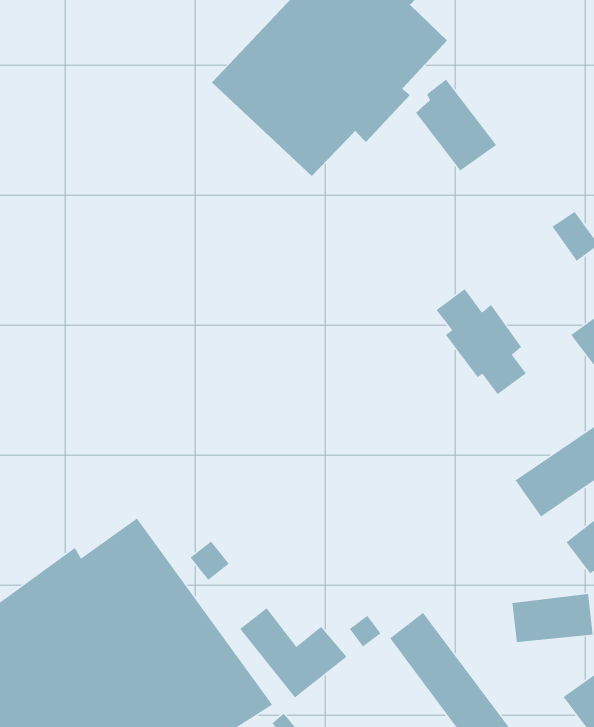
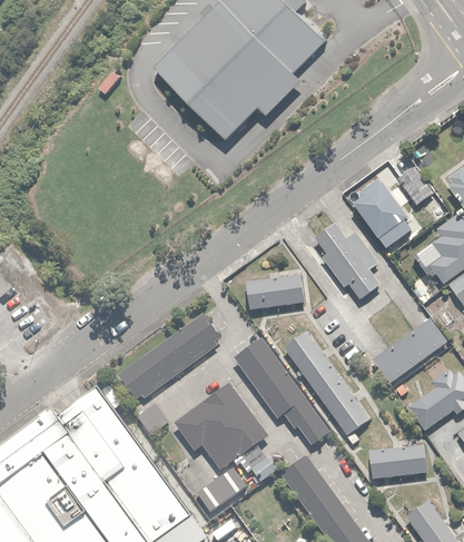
building: [415,79,497,172] -> [352,181,411,248]
building: none -> [246,274,308,309]
building: none -> [118,315,219,403]
building: none -> [284,331,372,435]
building: none -> [234,341,329,444]
building: none -> [172,385,264,469]

